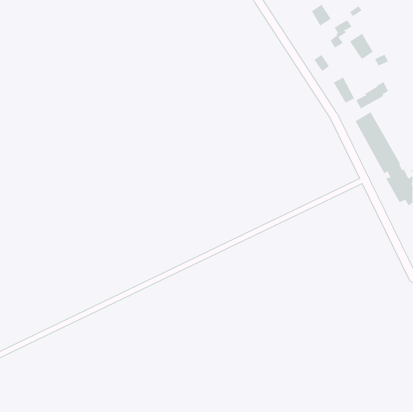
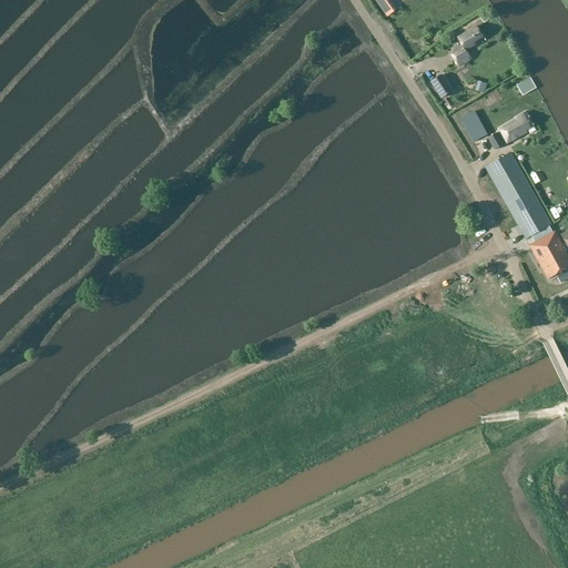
building: [311,4,332,27] -> none
building: [349,33,373,60] -> none

